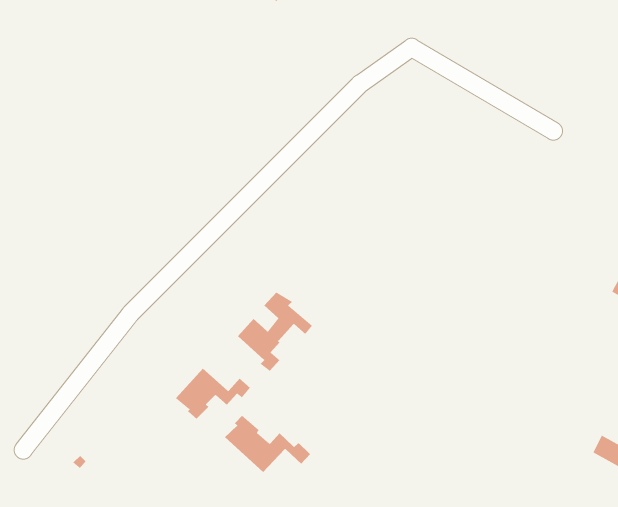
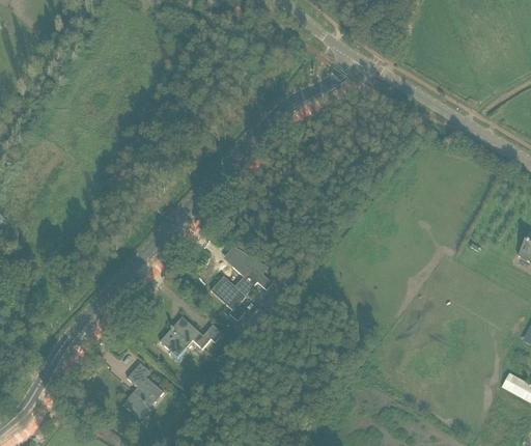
building: [224,415,311,473] -> none
building: none -> [122,362,164,417]

